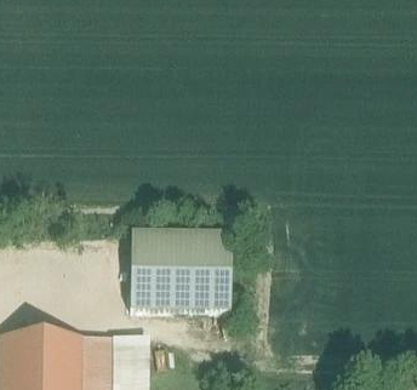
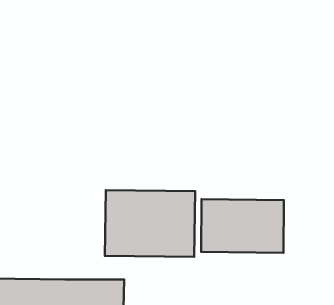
building: none -> [201,199,284,253]

